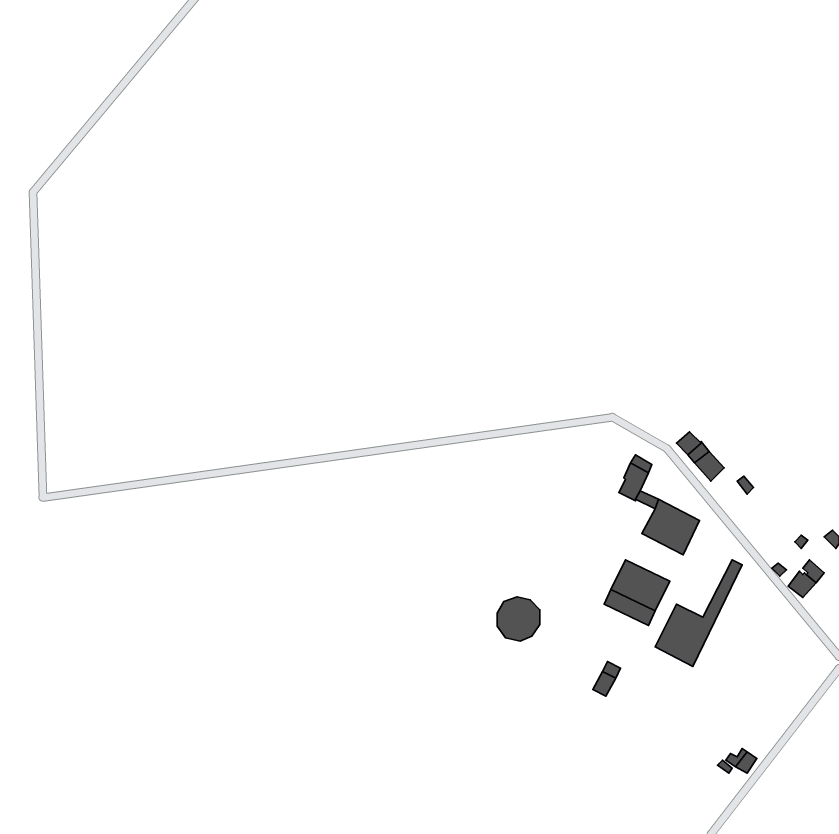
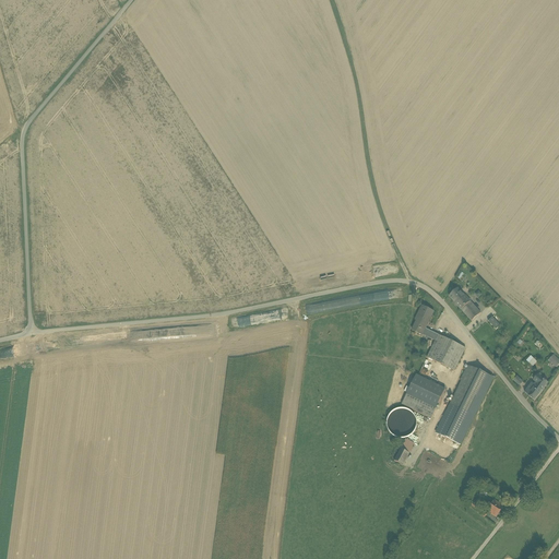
building: none -> [450,364,487,411]
building: [497,597,540,641] -> [388,406,416,436]

